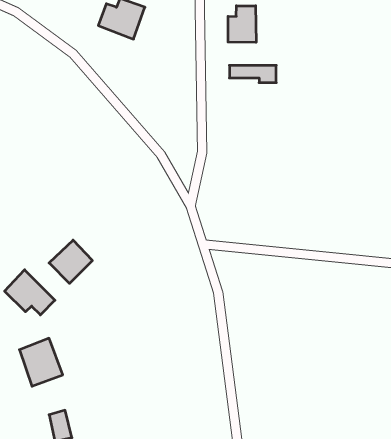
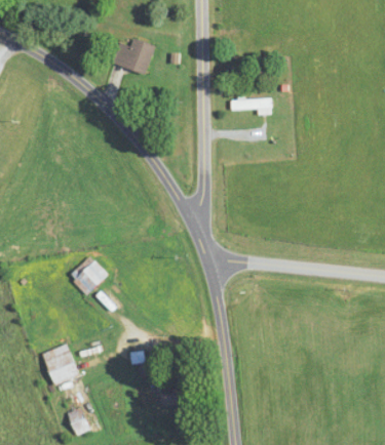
building: [228,6,256,42] -> none
building: [5,270,55,315] -> none

